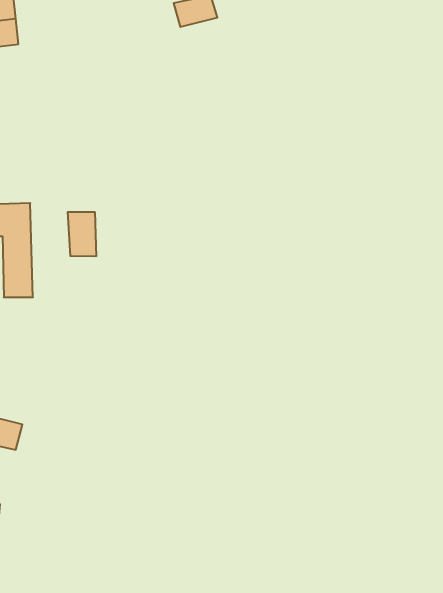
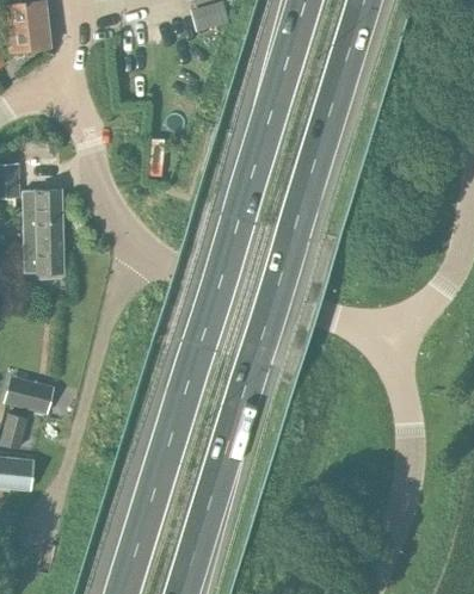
building: [68,212,96,256] -> none

